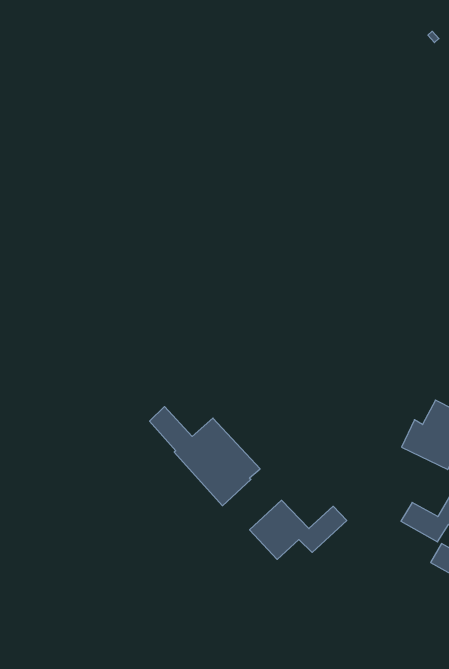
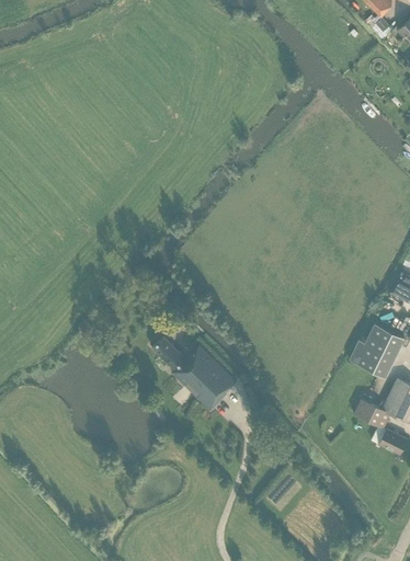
building: [250,500,347,559] -> none

